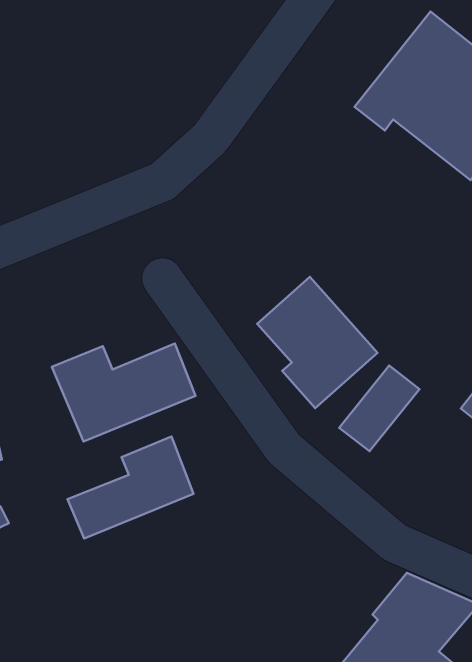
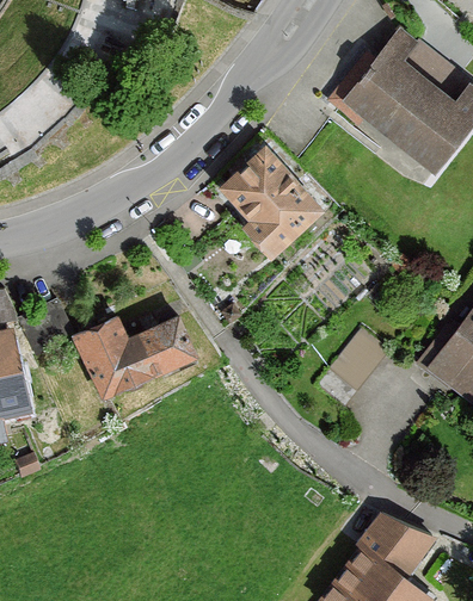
building: [257,277,377,408] -> [215,145,319,259]
building: [68,437,194,538] -> none

